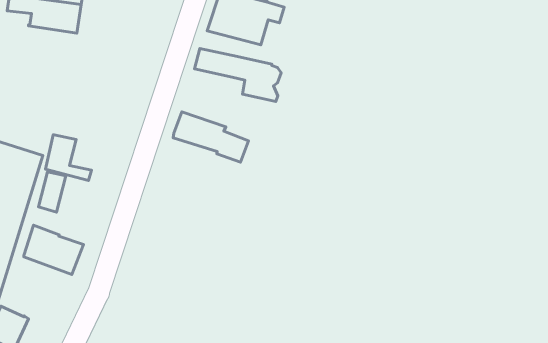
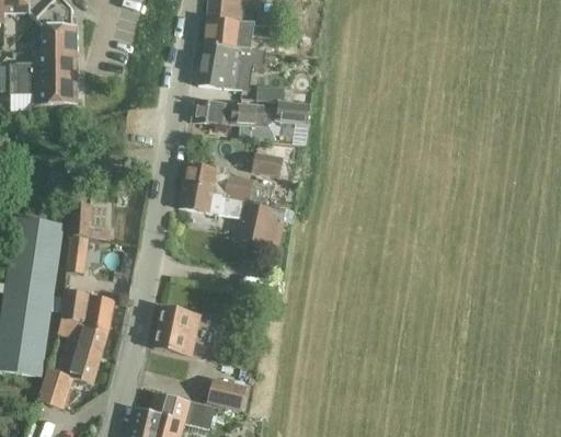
building: none -> [255,85,309,124]
building: none -> [251,152,287,177]
building: none -> [179,187,287,243]
building: none -> [57,319,107,381]
building: none -> [152,306,201,355]

